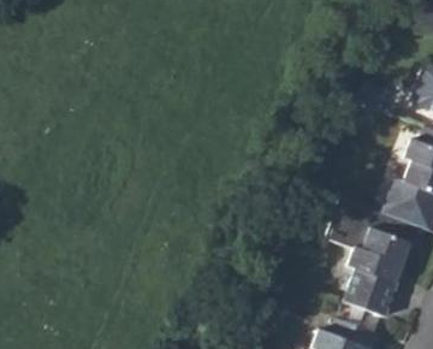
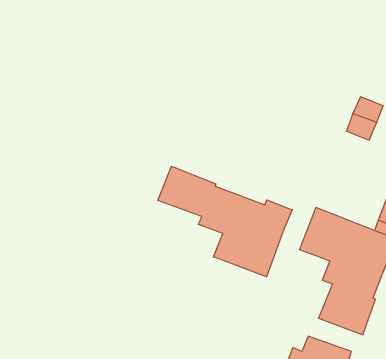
building: none -> [158,166,292,277]

